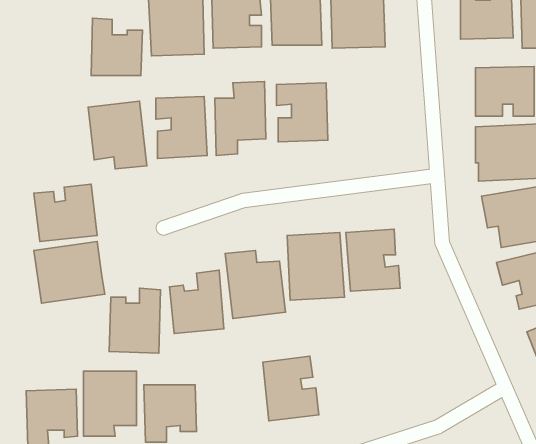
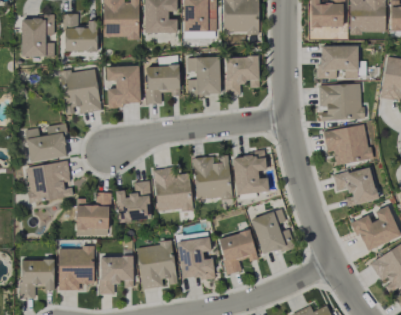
building: none -> [22,17,54,57]
building: none -> [225,56,259,95]
building: none -> [251,208,294,255]
building: none -> [218,229,258,274]
building: none -> [136,241,178,289]

